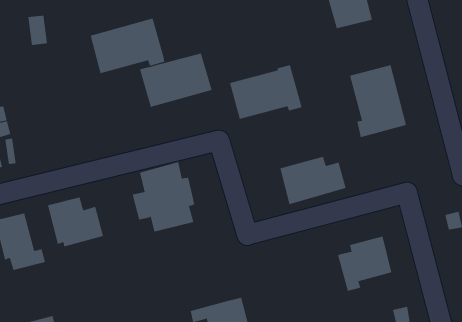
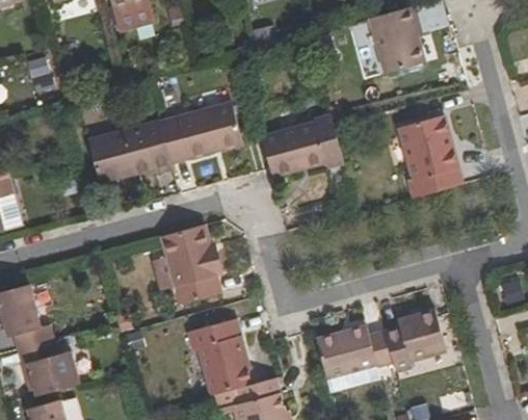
building: [90,18,165,74] -> [87,120,173,183]
building: [280,156,347,205] -> [316,324,392,379]
building: [47,197,104,247] -> [16,339,80,396]
building: none -> [187,318,254,396]

